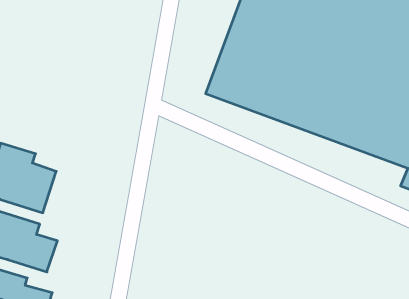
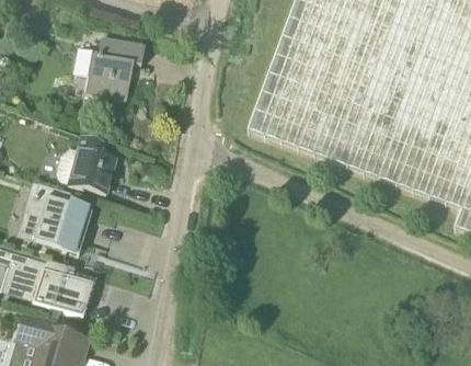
building: none -> [83,35,143,99]
building: none -> [56,135,114,193]

